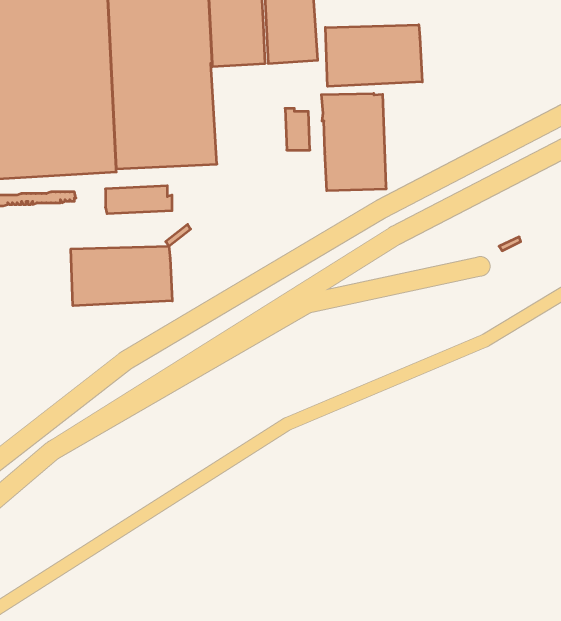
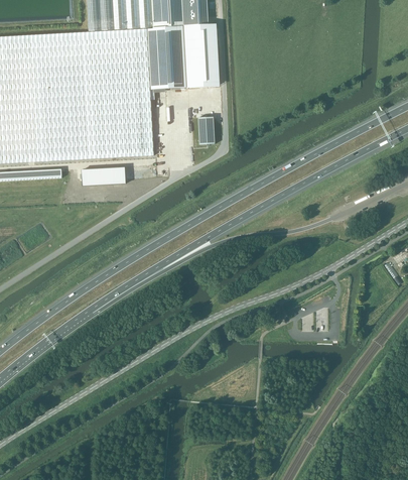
building: [325,25,422,86] -> none
building: [321,93,386,191] -> none
building: [71,246,172,306] -> none

